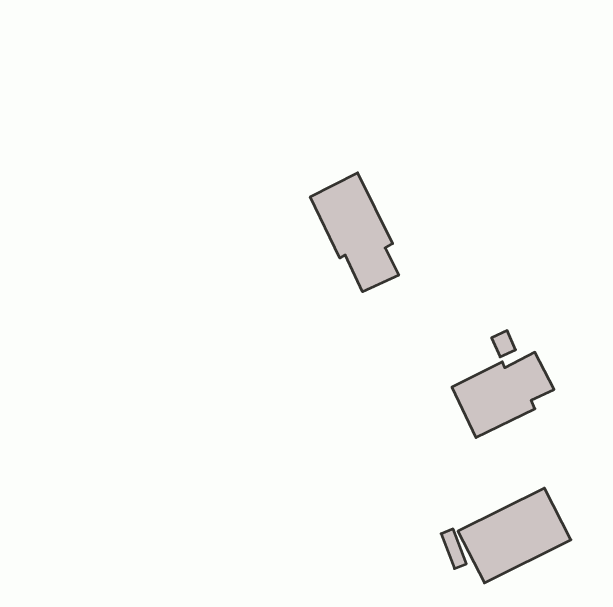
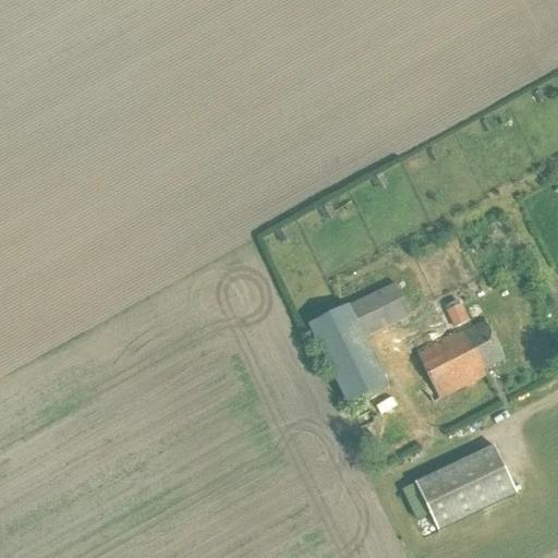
building: [310,173,399,292] -> none
building: none -> [308,279,412,402]

